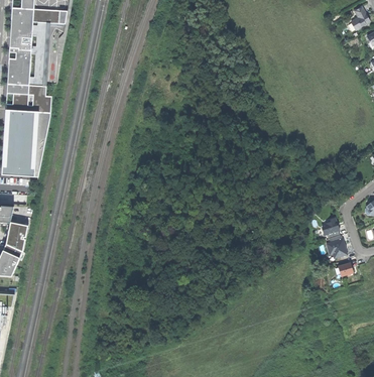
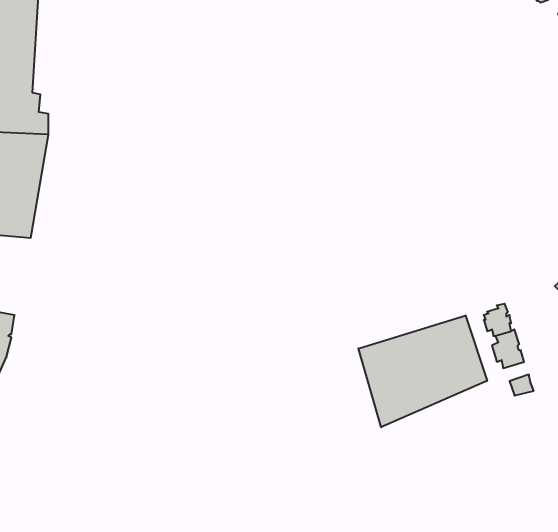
building: none -> [358,315,487,427]

